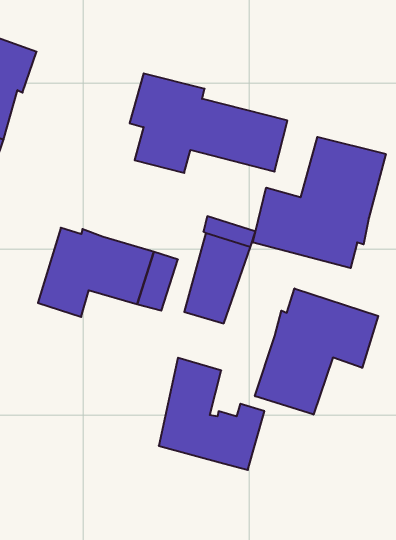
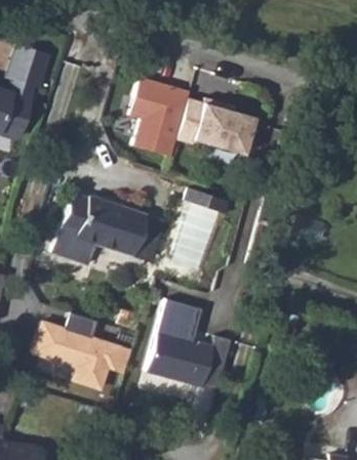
building: [253,137,386,268] -> none
building: [255,288,378,415] -> none
building: none -> [30,309,130,386]

